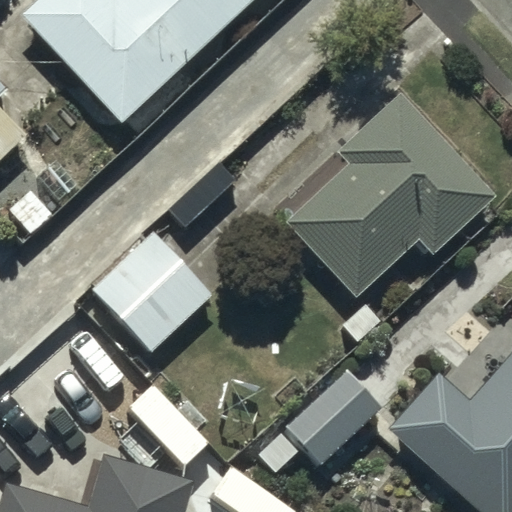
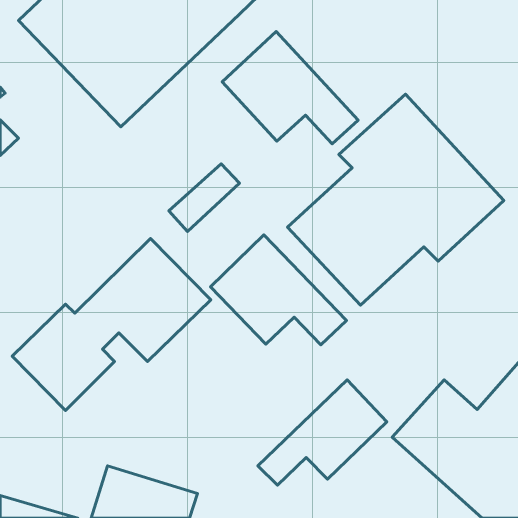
building: none -> [222,31,358,144]
building: none -> [211,235,347,345]

